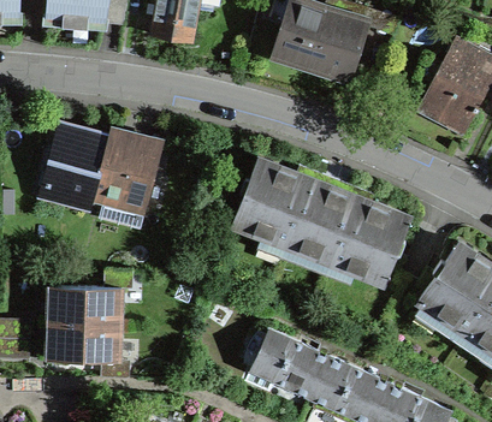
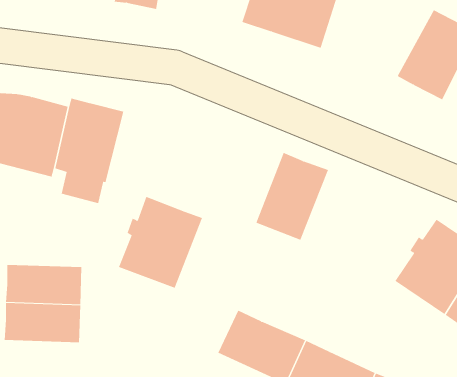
building: [232,160,313,248] -> [118,196,203,288]
building: [330,197,410,286] -> none

